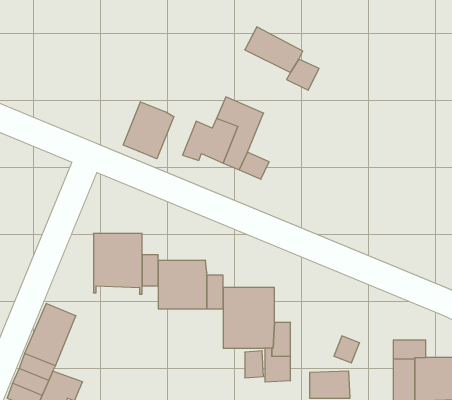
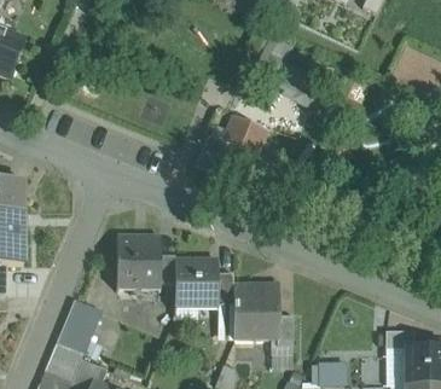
building: [123,102,174,159] -> none

